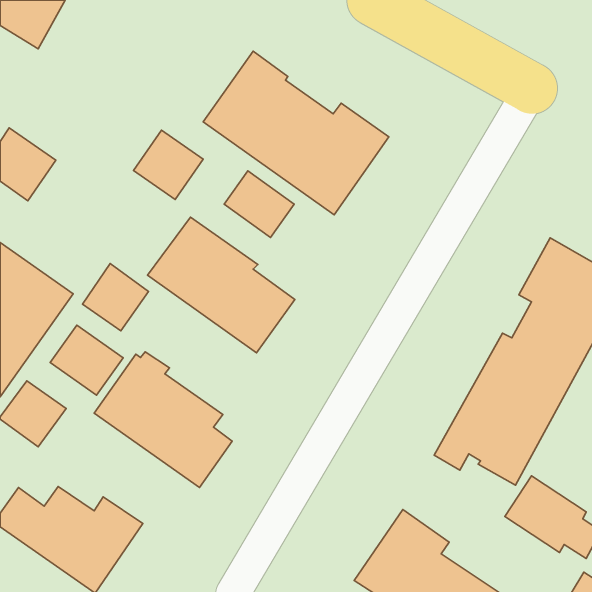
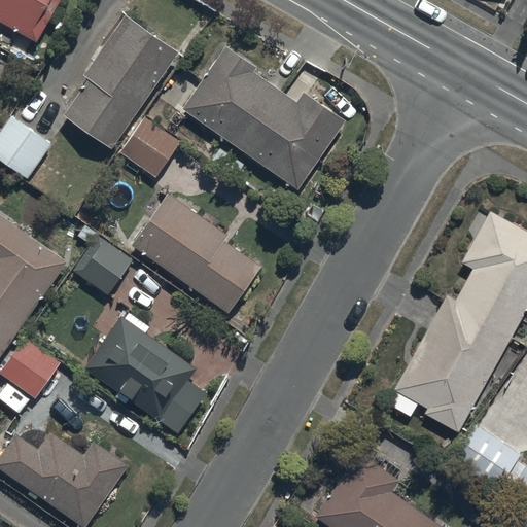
building: none -> [64,13,179,148]
building: [224,171,294,237] -> none
building: [50,325,123,395] -> none

